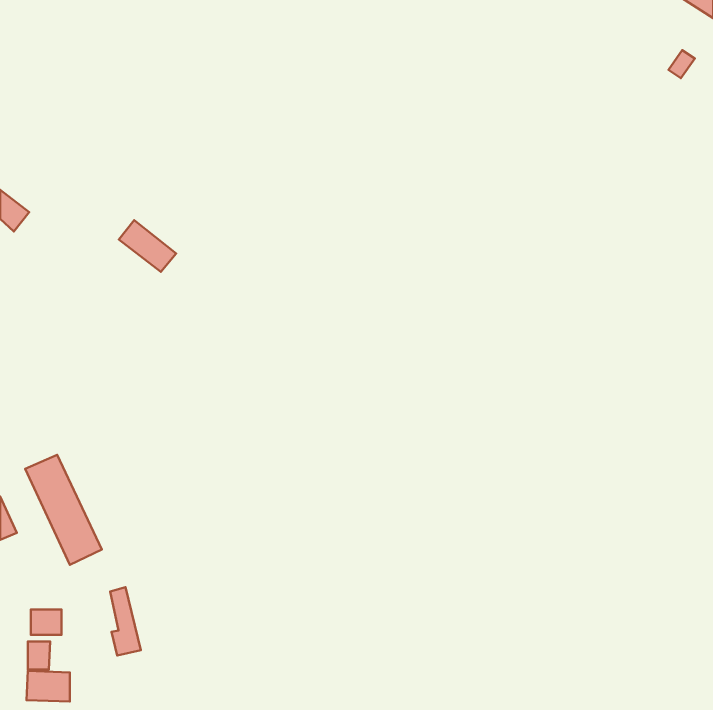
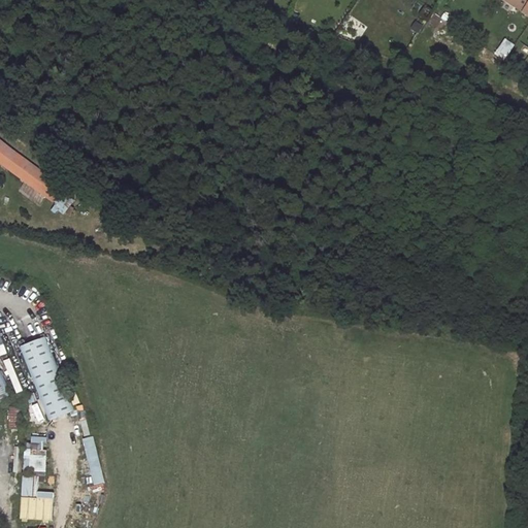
building: [119,220,176,272] -> [10,157,53,195]

